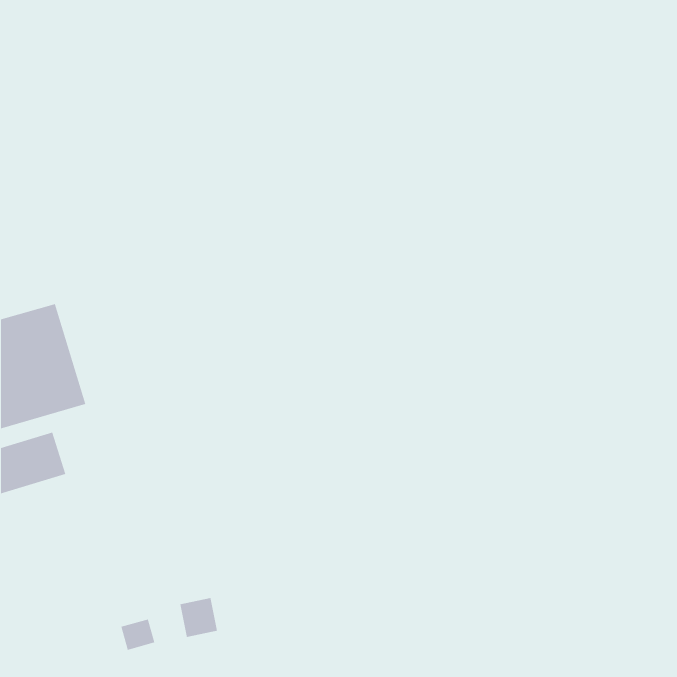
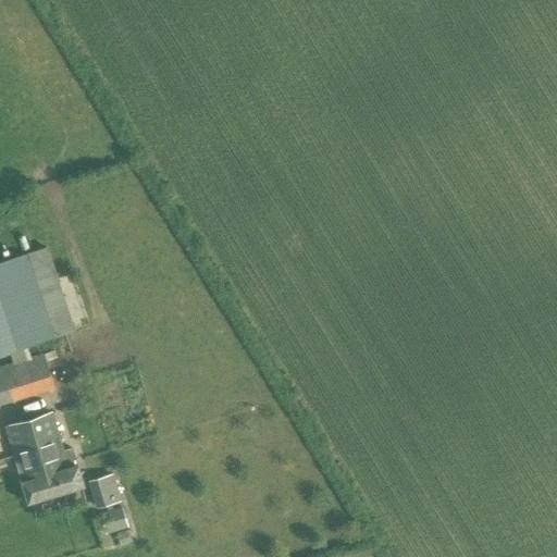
building: none -> [4,412,83,502]
building: [179,598,218,637] -> [91,473,123,506]

